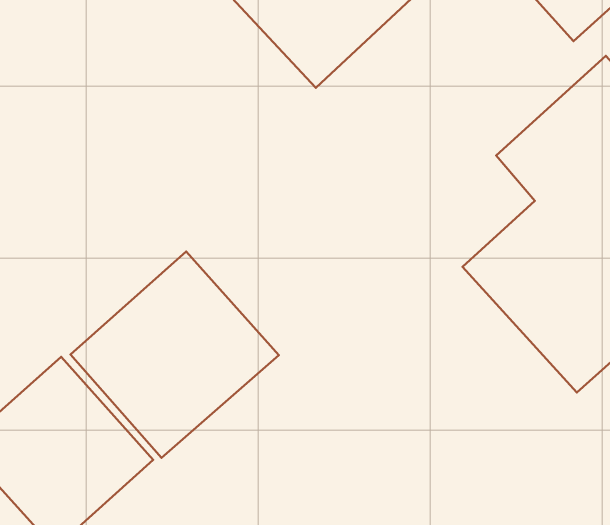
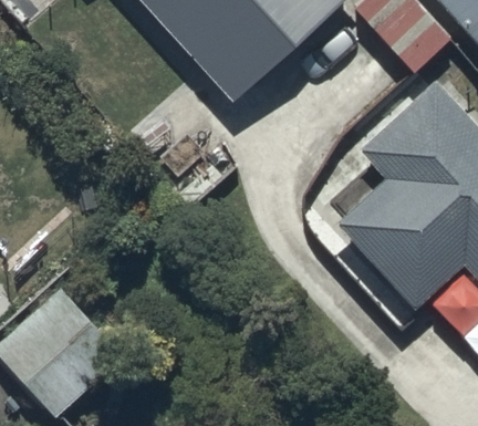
building: [70,251,279,458] -> none

